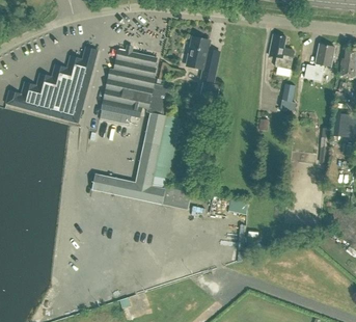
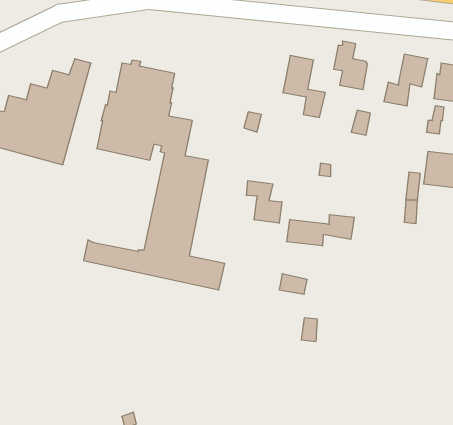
building: [187,38,217,82] -> [283,56,325,117]
building: none -> [246,181,282,223]
building: none -> [287,215,354,246]

